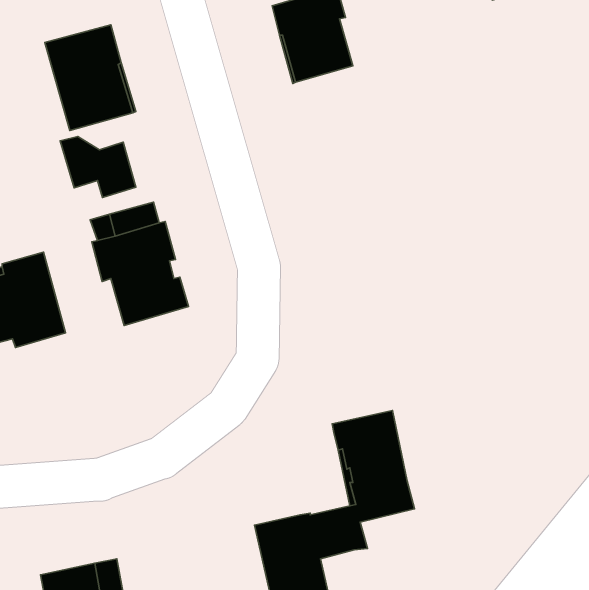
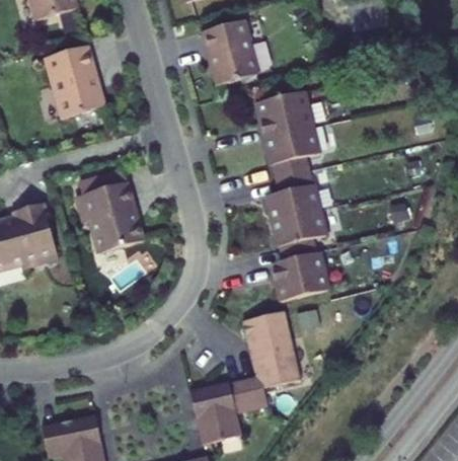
building: none -> [255,90,327,300]
building: [60,136,136,197] -> none

